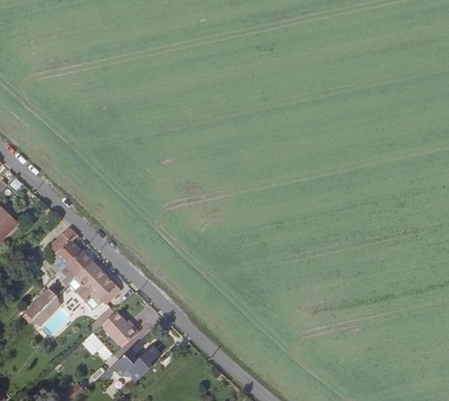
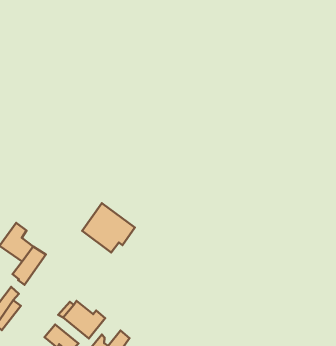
building: [69,260,121,310] -> [82,203,135,253]

